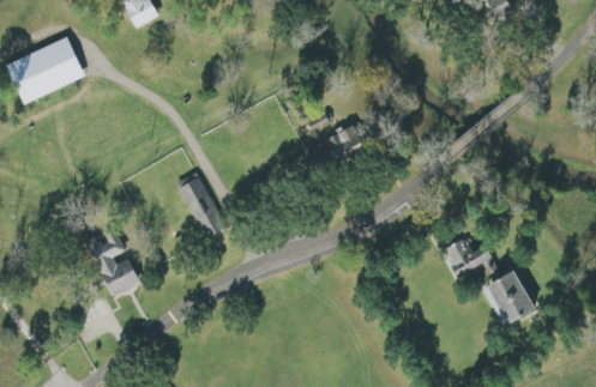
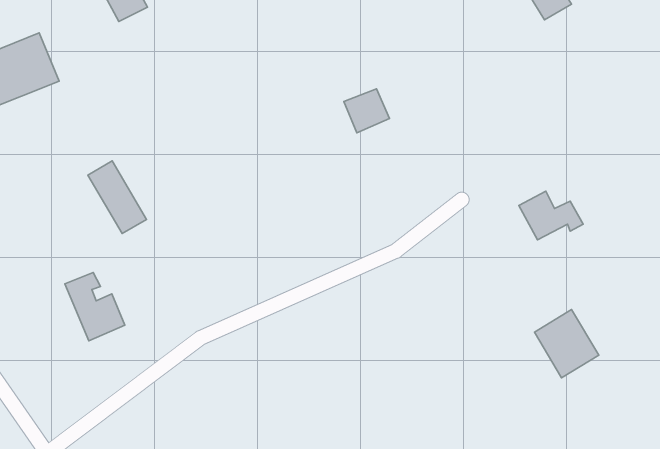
building: [327,126,366,163] -> [344,89,390,133]
building: [175,174,224,235] -> [88,161,146,234]
building: [443,237,496,278] -> [519,191,583,240]

